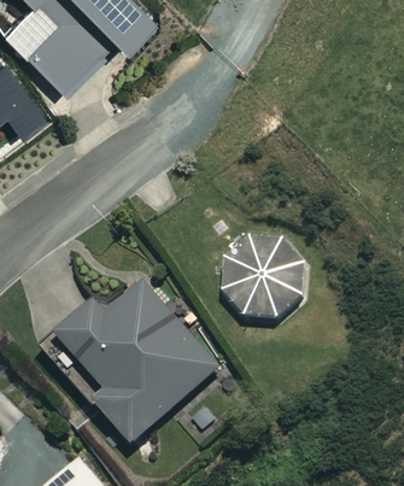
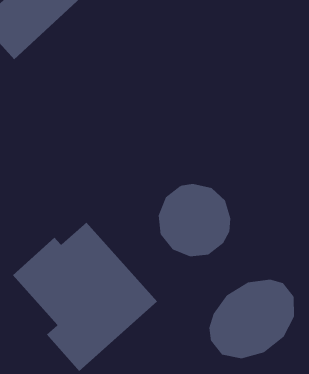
building: none -> [209,279,294,359]

